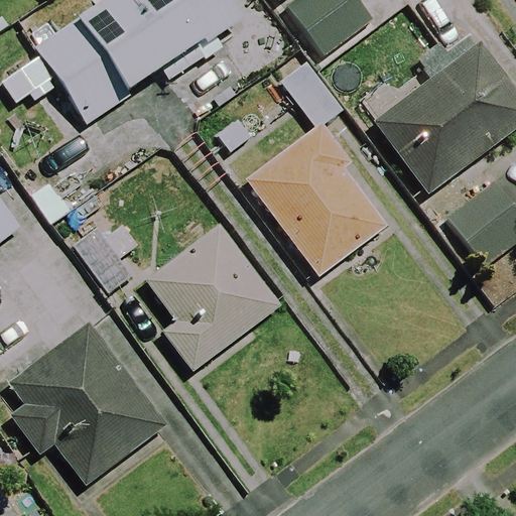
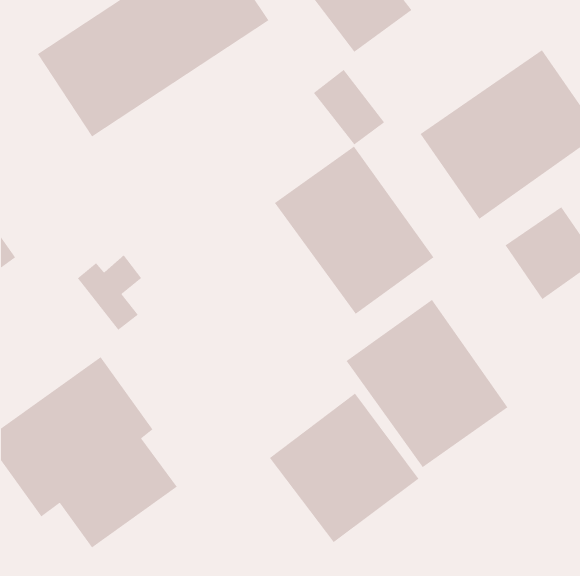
building: [146,226,279,371] -> none
building: none -> [346,299,508,468]
building: none -> [269,392,419,543]

